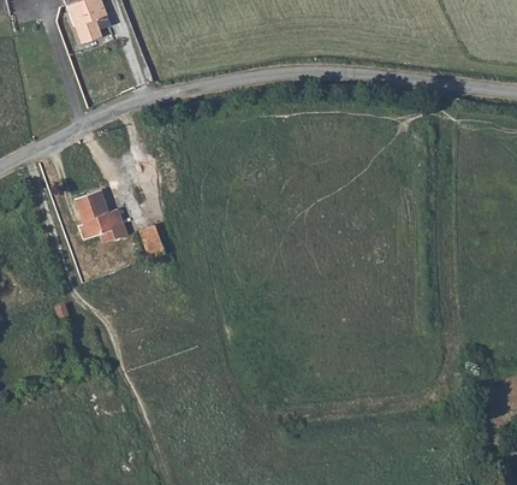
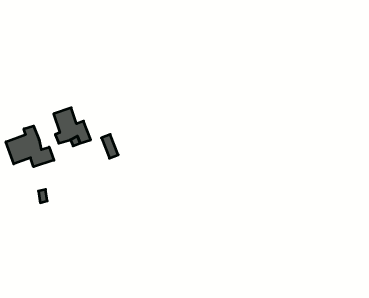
building: none -> [6,126,54,167]

